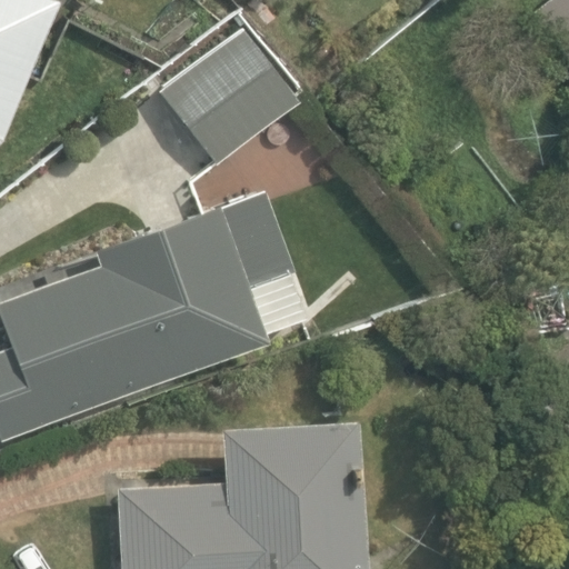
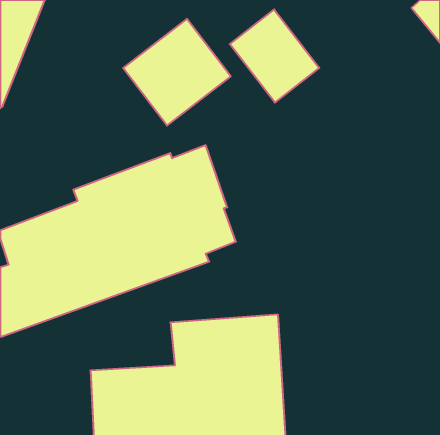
building: none -> [230,9,319,103]

